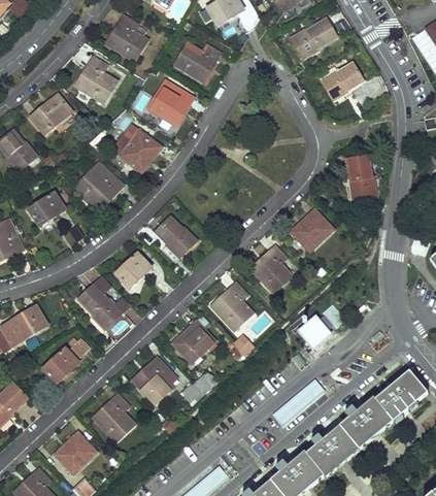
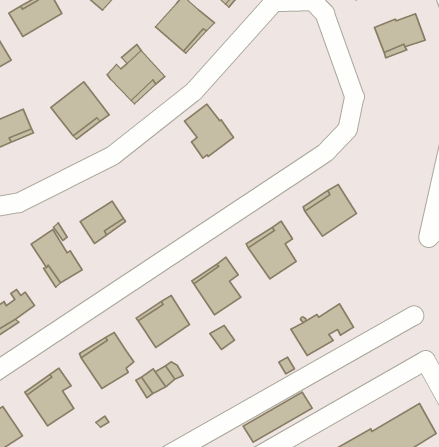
building: [346,156,376,198] -> none
building: [155,216,196,259] -> [185,104,234,158]

